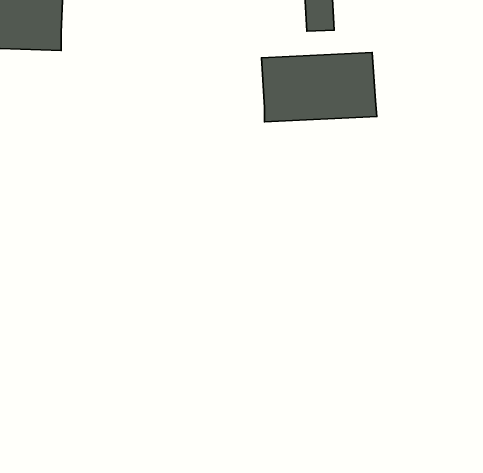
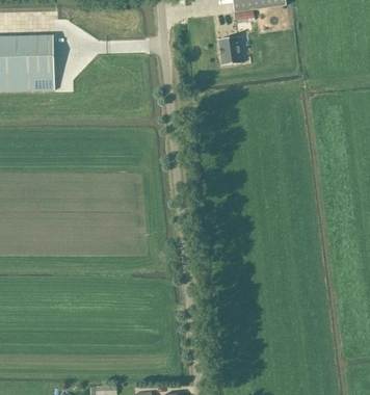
building: [261,52,377,122] -> none

